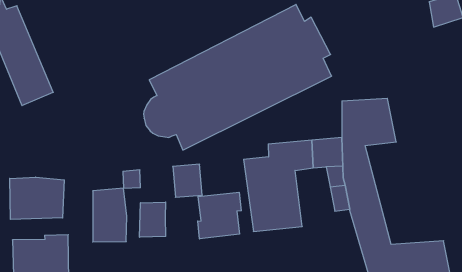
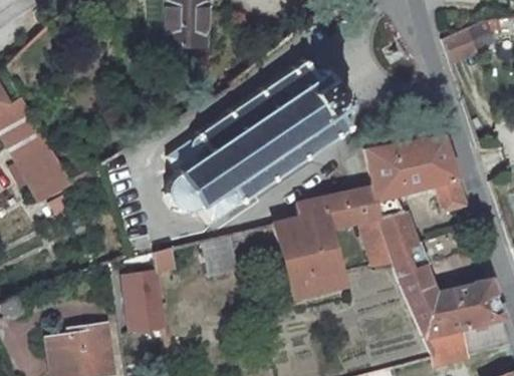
building: none -> [413,136,465,212]
building: [10,177,64,219] -> none
building: [198,192,241,239] -> none
building: [140,202,166,237] -> none

